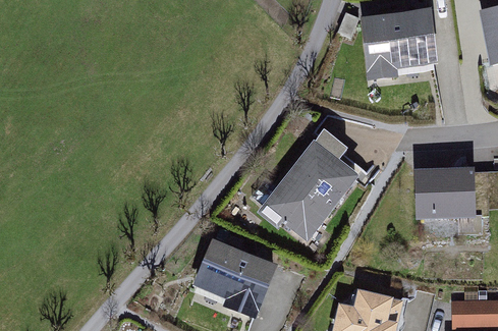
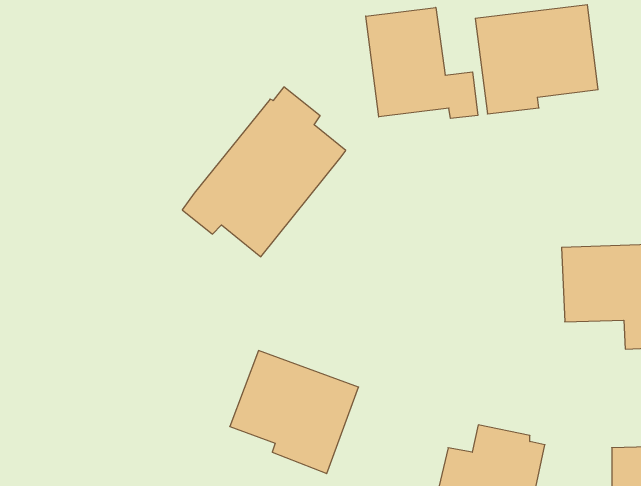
building: none -> [366,7,478,118]
building: [257,128,367,242] -> [182,87,346,257]

